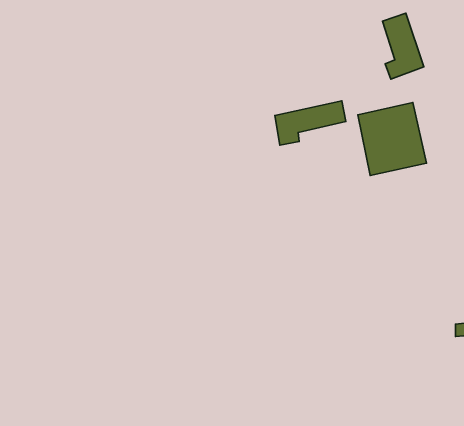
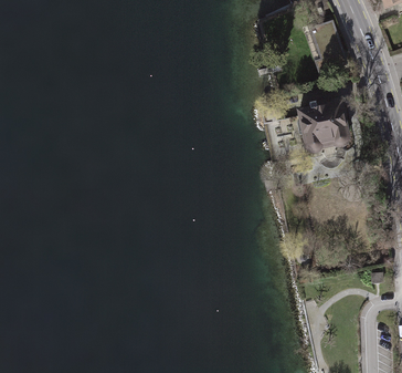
building: [275,101,346,145] -> none

